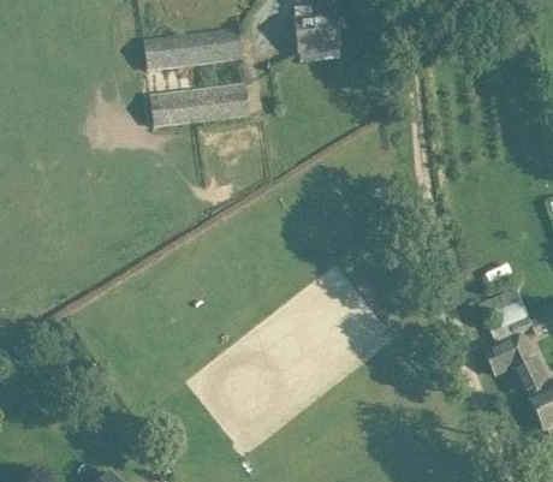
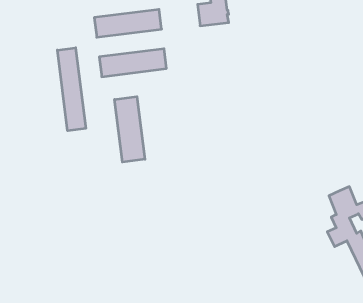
building: none -> [57,48,86,131]
building: none -> [115,97,145,162]

